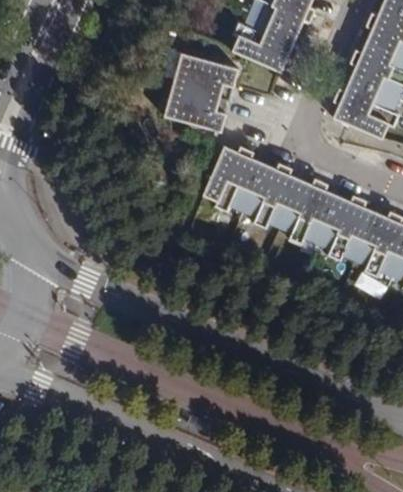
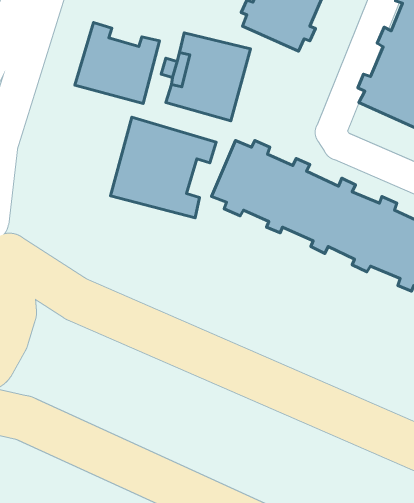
building: none -> [75,23,159,104]
building: none -> [110,117,216,218]

